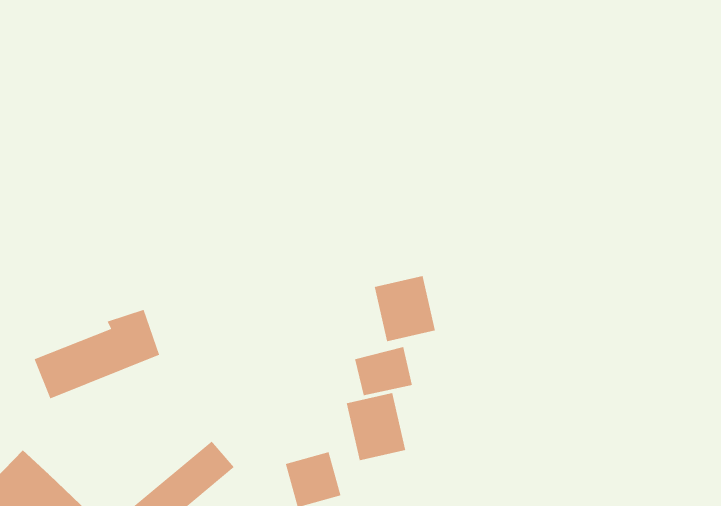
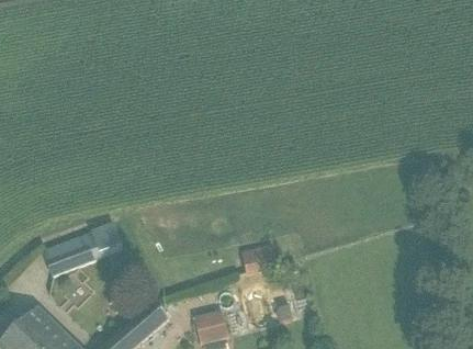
building: [374,275,436,342] -> none
building: [346,392,406,461] -> none

